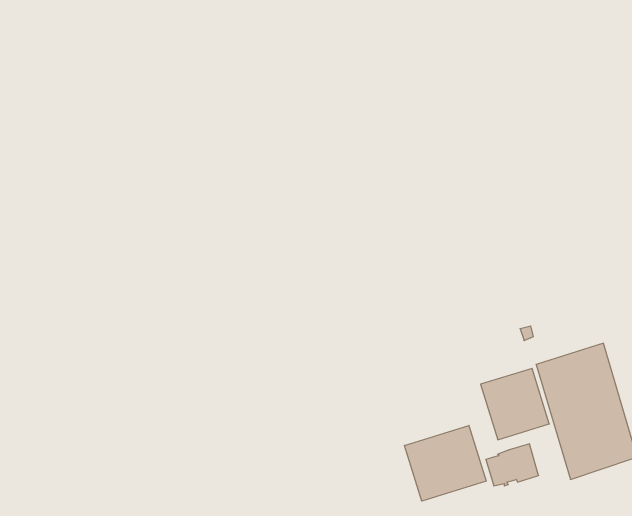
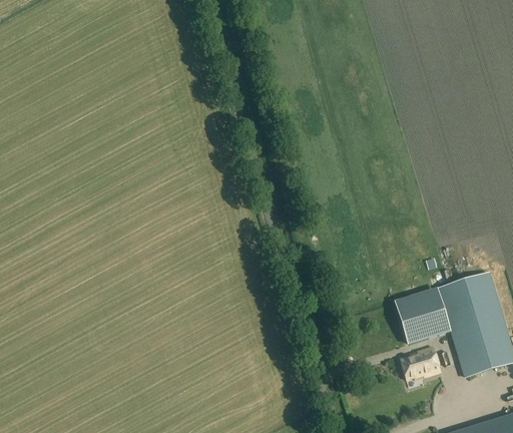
building: [404,425,486,501] -> none

